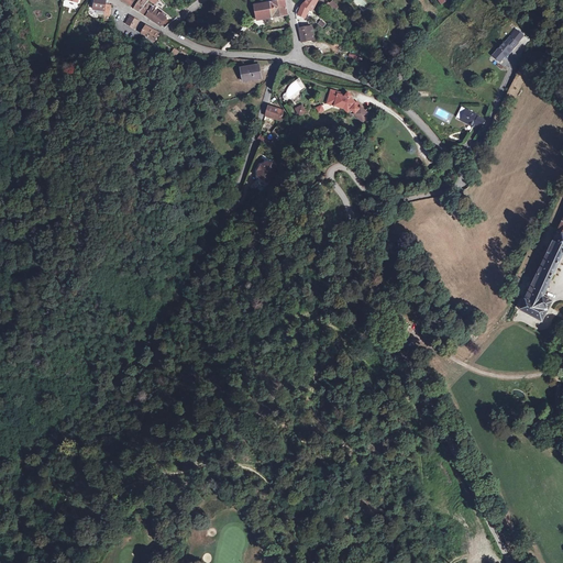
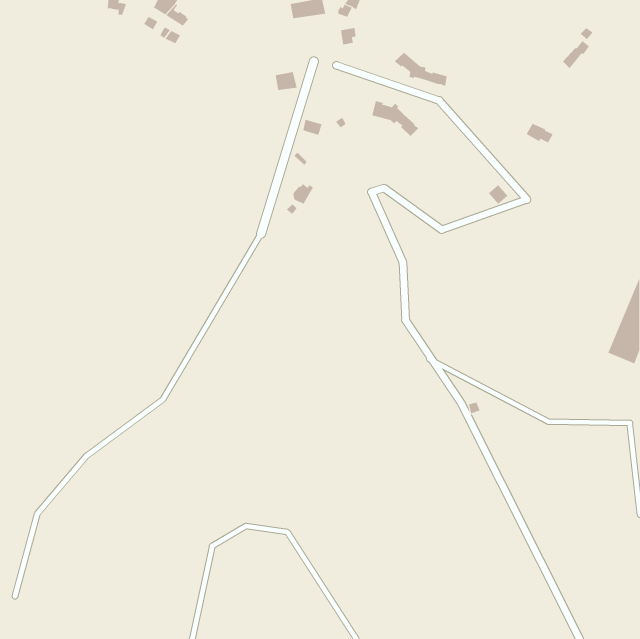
building: none -> [394,52,447,87]

